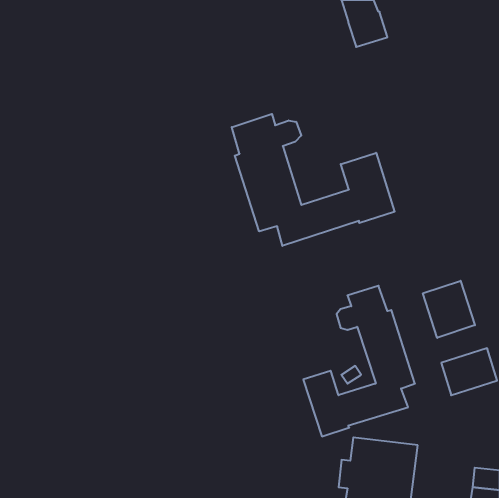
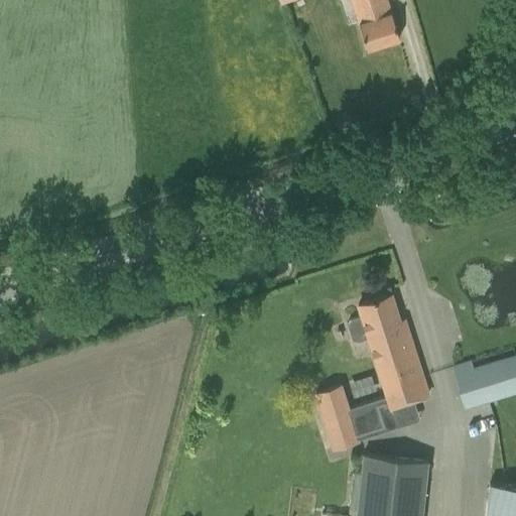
building: [232,114,395,246] -> none
building: [423,281,475,338] -> none

